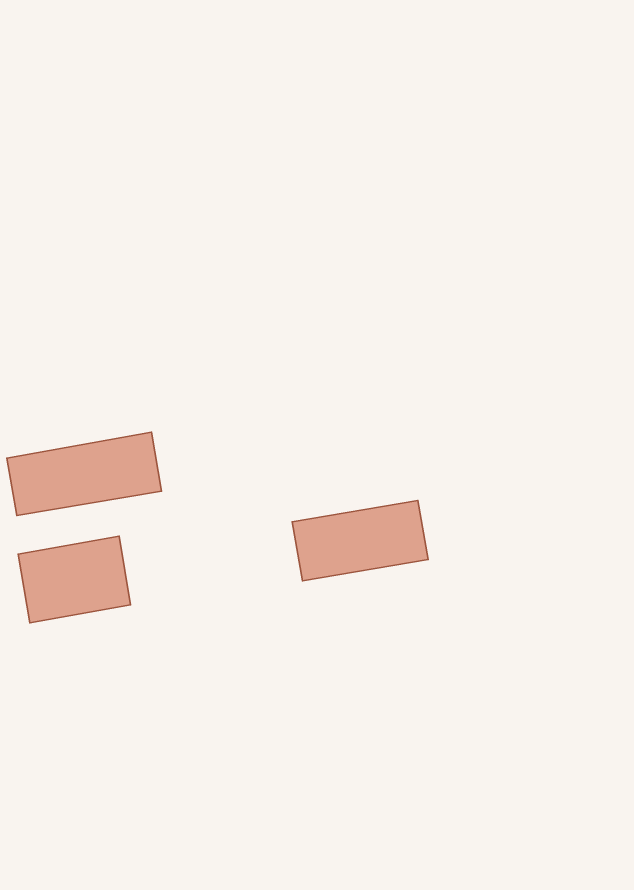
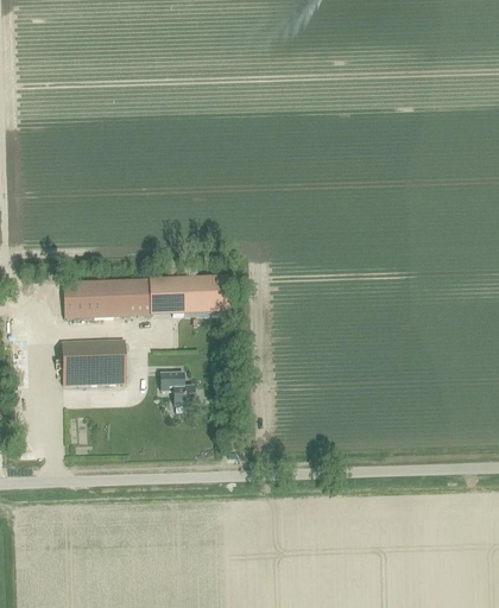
building: [292,500,428,581] -> [152,276,232,315]
building: none -> [159,372,194,403]

